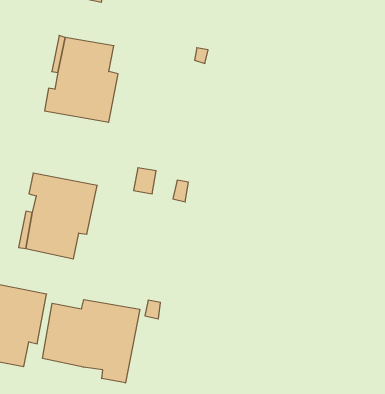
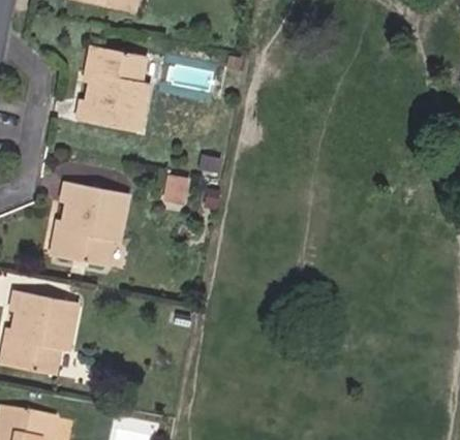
building: [43,300,140,383] -> none

